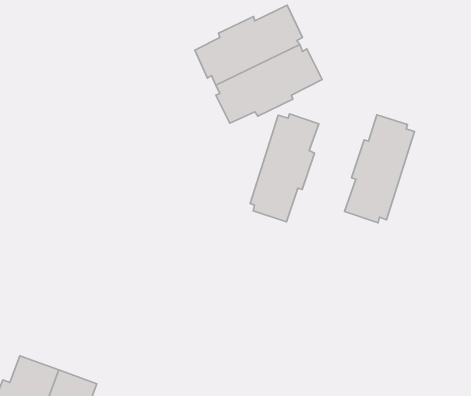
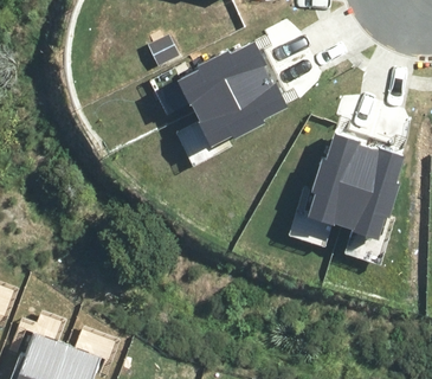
building: [250,114,319,222] -> [342,148,400,239]

